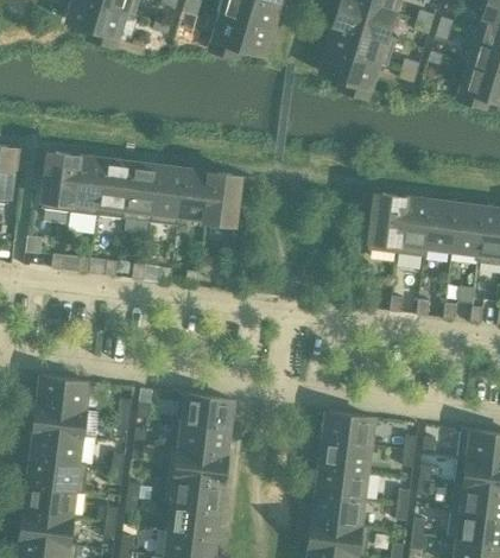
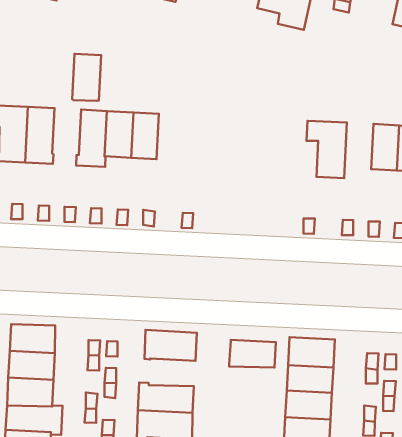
building: [99,158,132,208] -> [72,54,101,101]
building: [205,172,252,222] -> none
building: [397,196,431,256] -> none
building: [179,423,229,455] -> [229,340,276,368]

